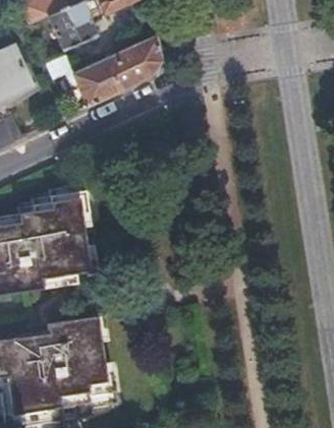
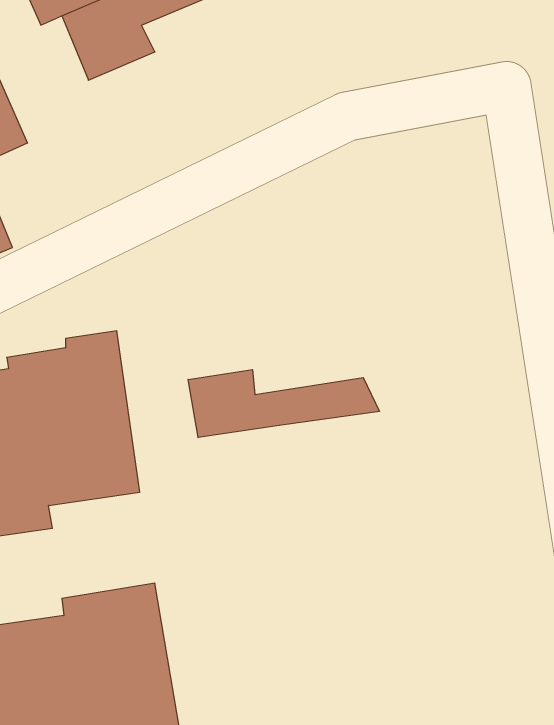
building: [45,24,162,107] -> none
building: none -> [188,370,379,438]

